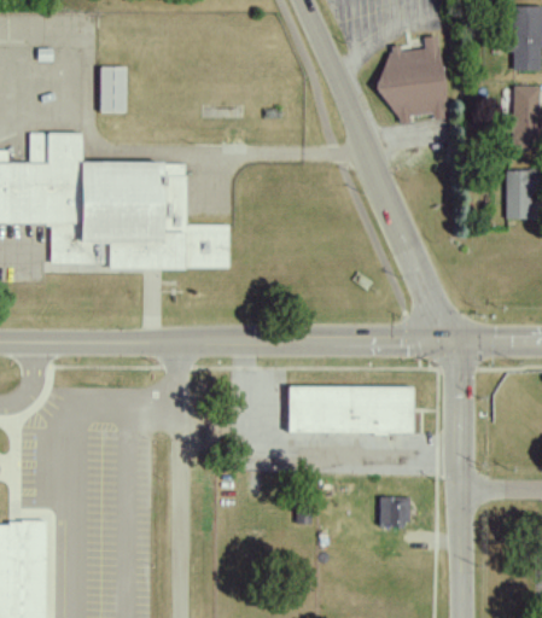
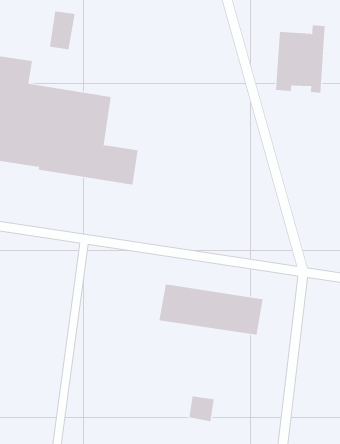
building: [381,497,410,526] -> [189,396,214,422]

